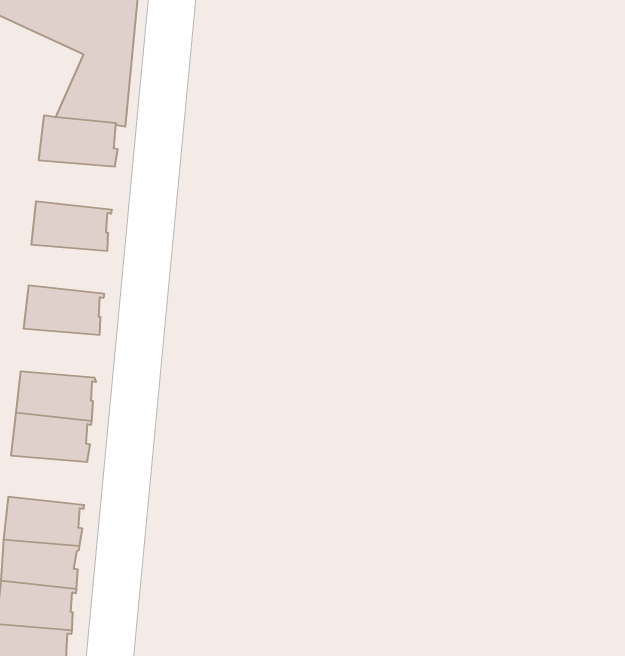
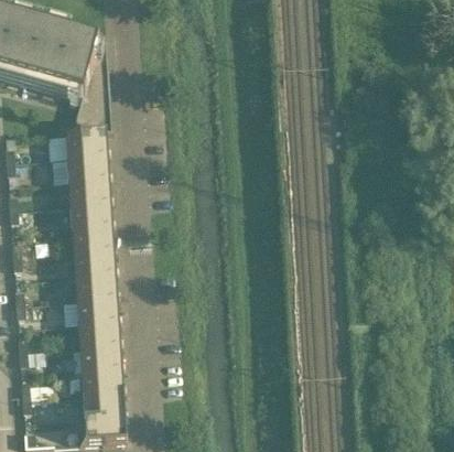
building: none -> [63,150,108,176]
building: none -> [66,197,111,224]
building: none -> [69,245,114,272]
building: none -> [74,316,119,343]

